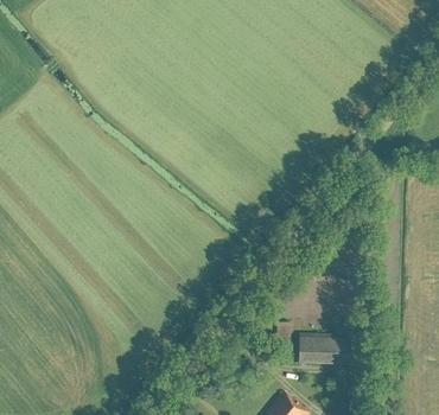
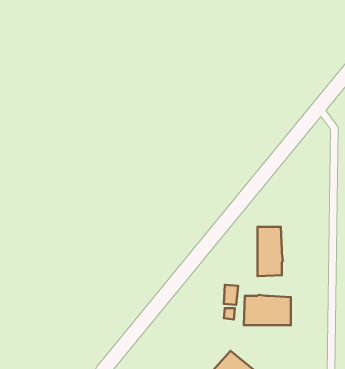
building: none -> [257,227,283,276]

